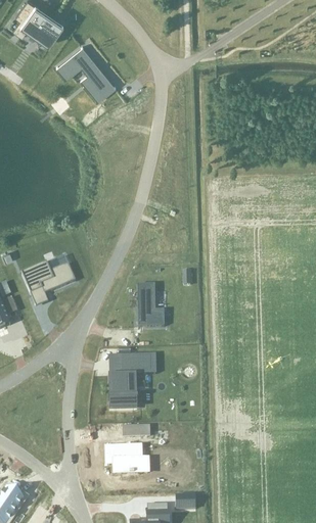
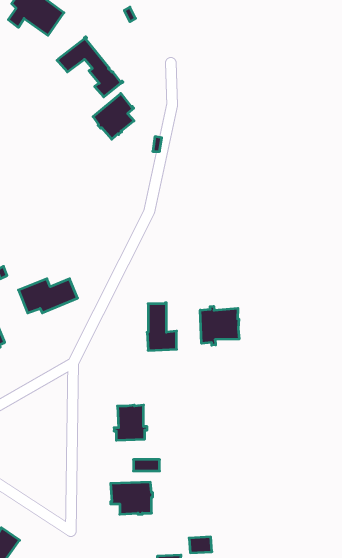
building: none -> [93,93,134,139]
building: none -> [200,306,239,345]
building: [123,355,154,370] -> none

